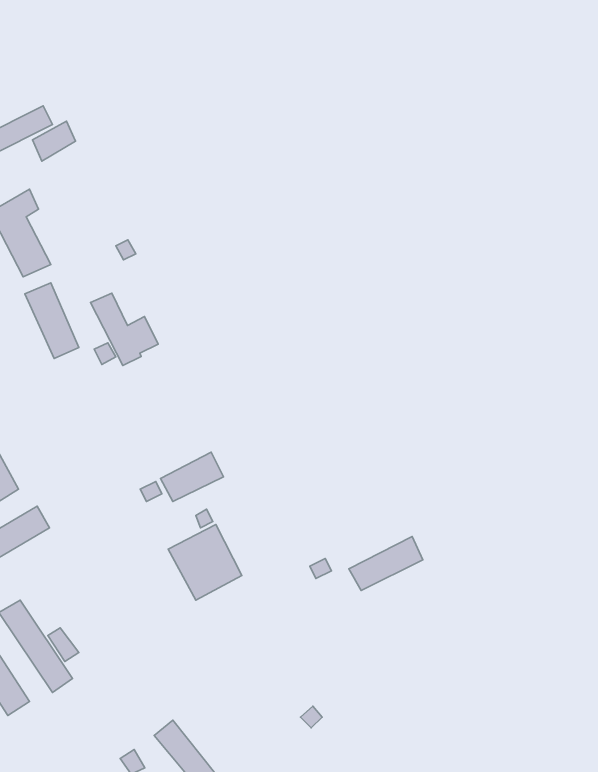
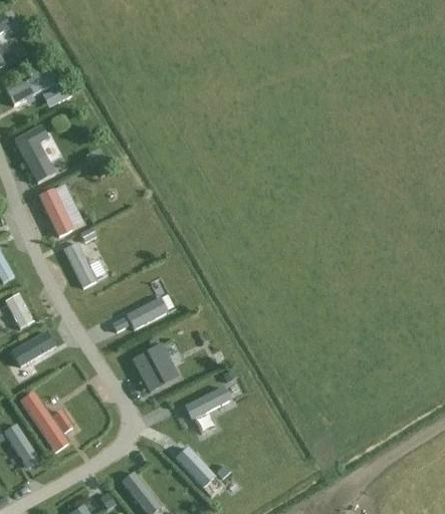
building: [90,293,158,366] -> [62,241,106,288]
building: [349,537,423,591] -> [183,384,231,420]
building: none -> [174,446,215,487]

